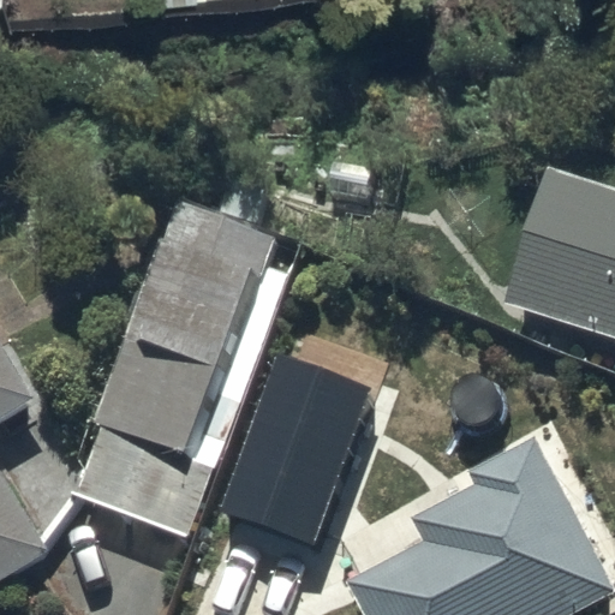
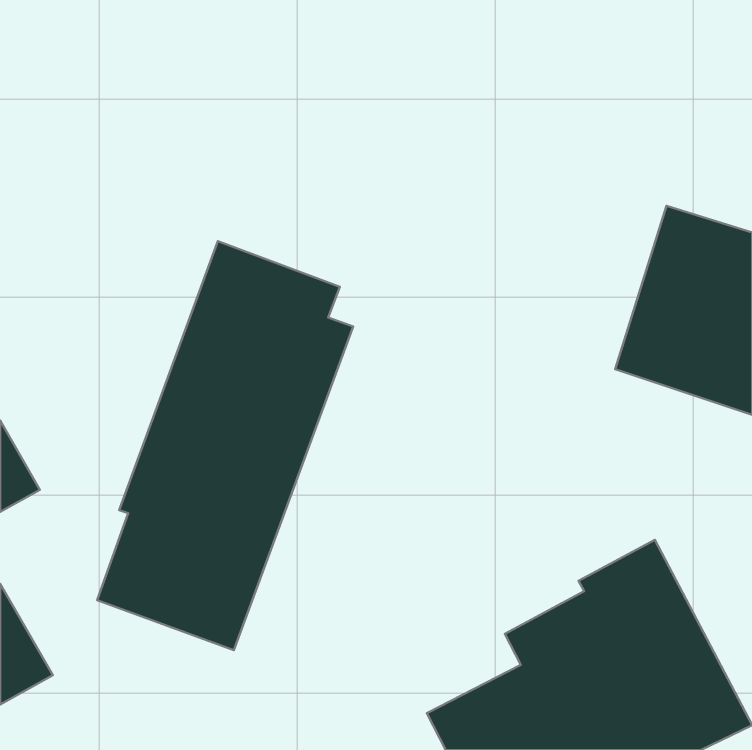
building: [216,353,371,548] -> none

